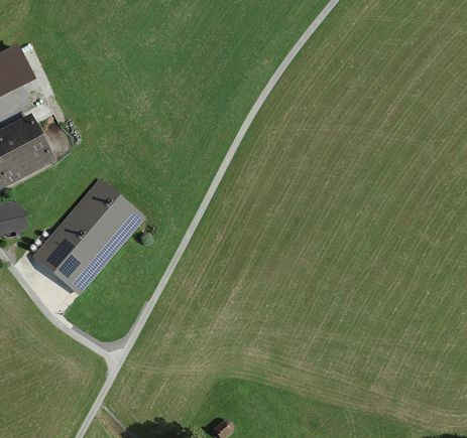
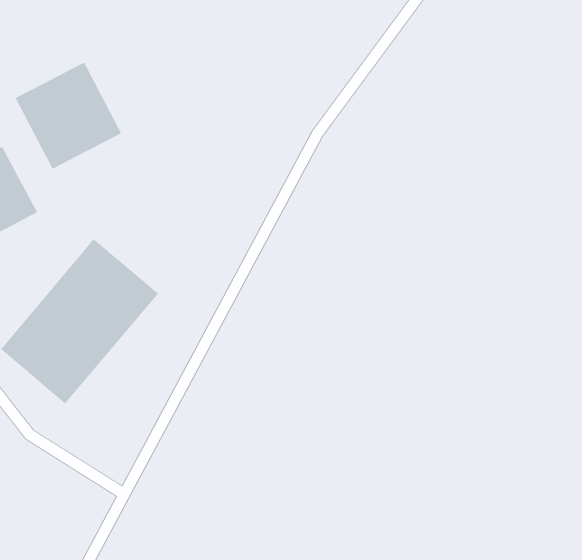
building: none -> [14,61,122,170]

